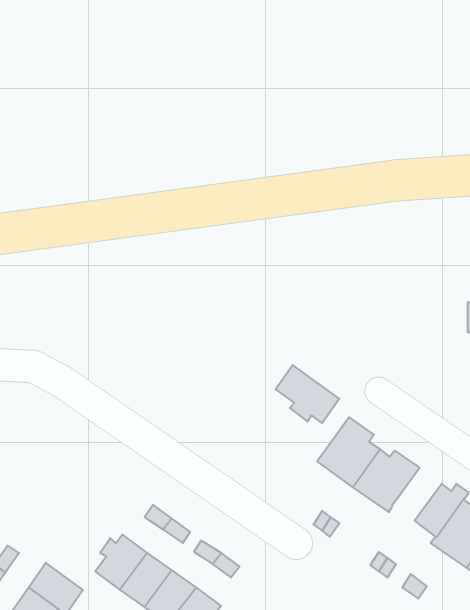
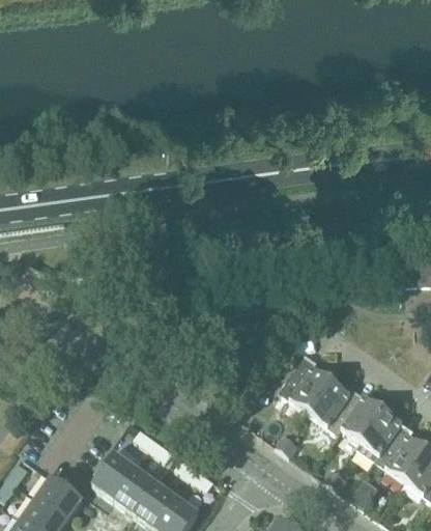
building: [275,365,339,423] -> none
building: none -> [343,392,384,443]

